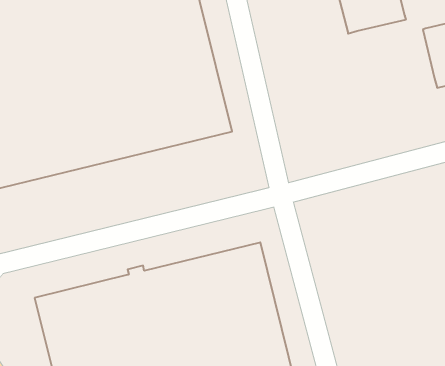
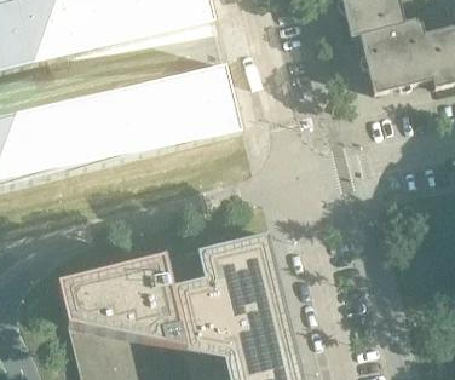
building: none -> [358,16,431,92]

